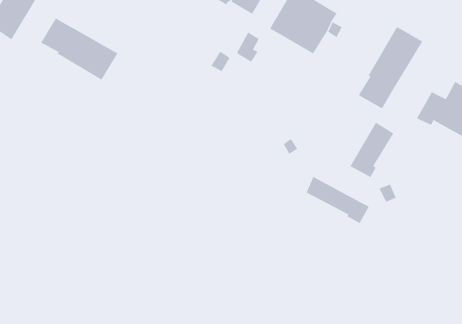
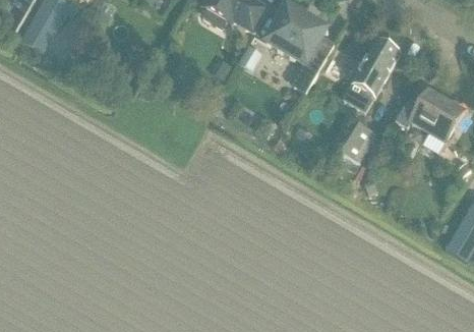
building: [41,17,118,81] -> none
building: [306,176,369,224] -> none

